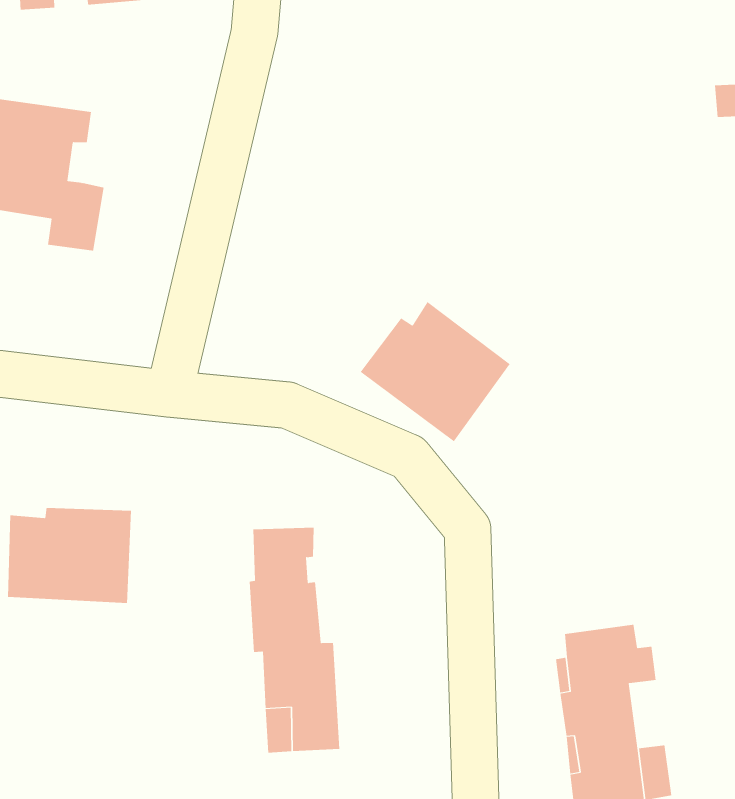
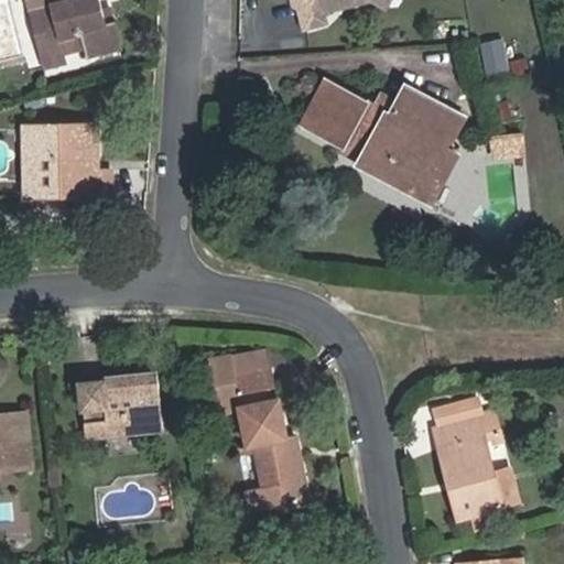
building: none -> [301,83,462,202]
building: [360,301,511,442] -> none

